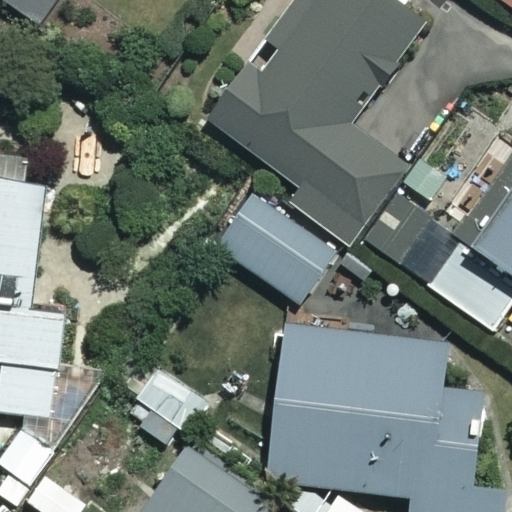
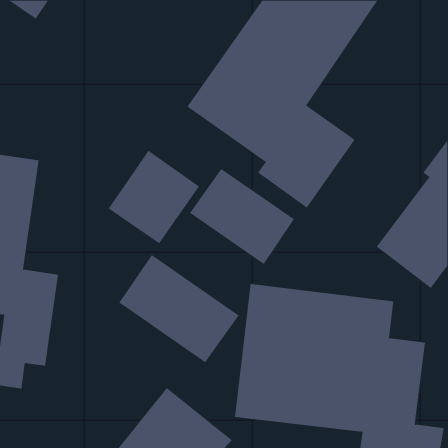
building: none -> [108,150,200,244]
building: none -> [118,254,240,363]

